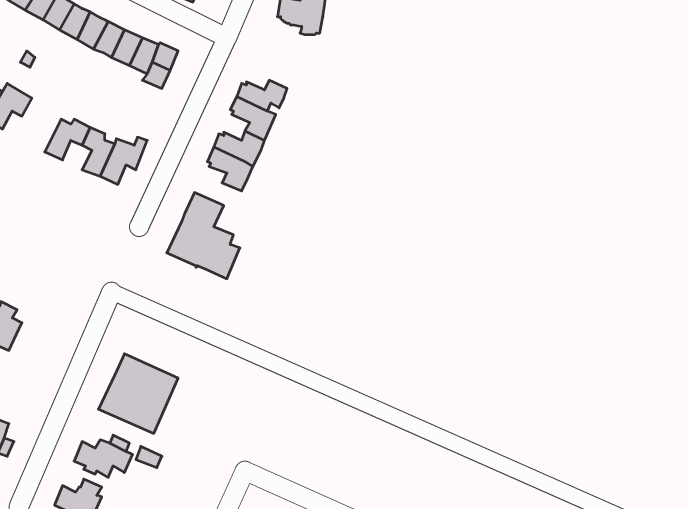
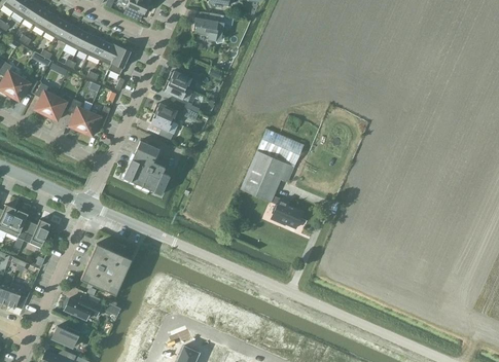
building: none -> [36,83,57,115]
building: none -> [242,130,305,228]
building: none -> [24,220,50,249]

